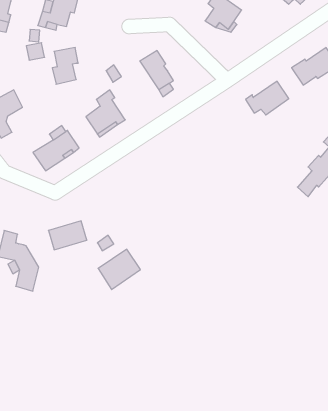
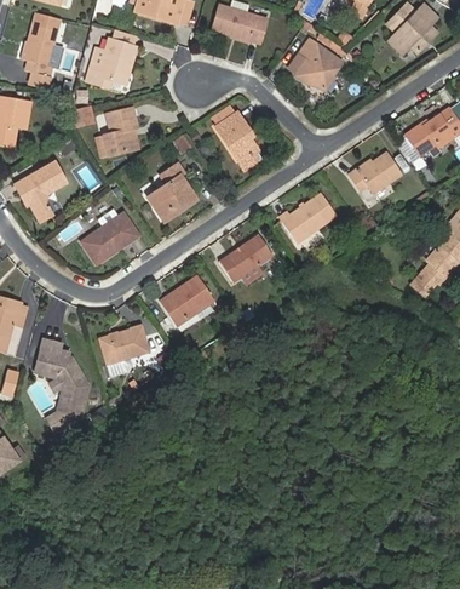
building: none -> [280,193,335,241]
building: none -> [218,234,272,281]
building: [98,249,140,290] -> [160,275,213,326]

